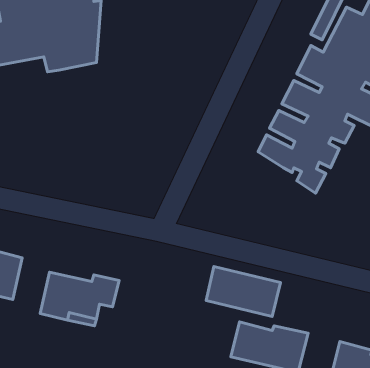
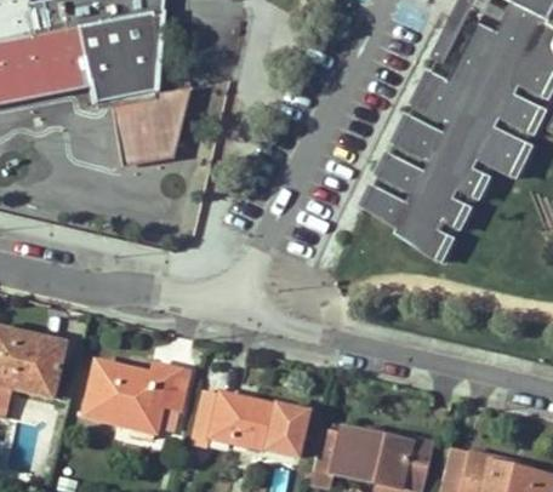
building: none -> [109,86,189,164]
building: [206,267,281,316] -> [210,391,306,456]

